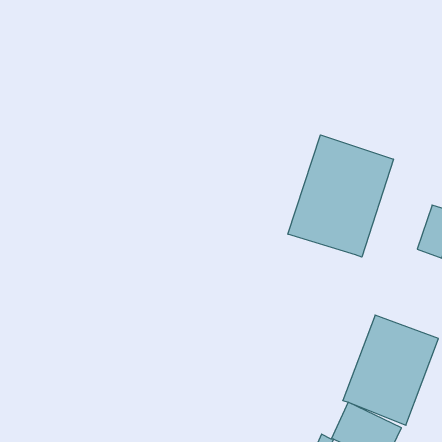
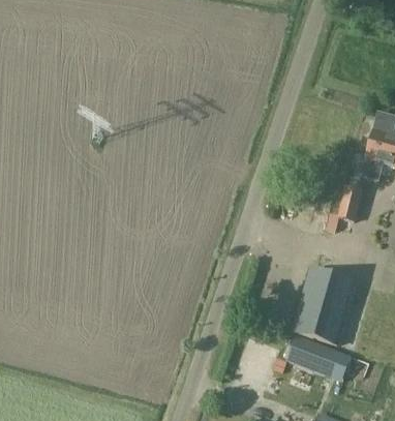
building: [288,135,393,257] -> none

